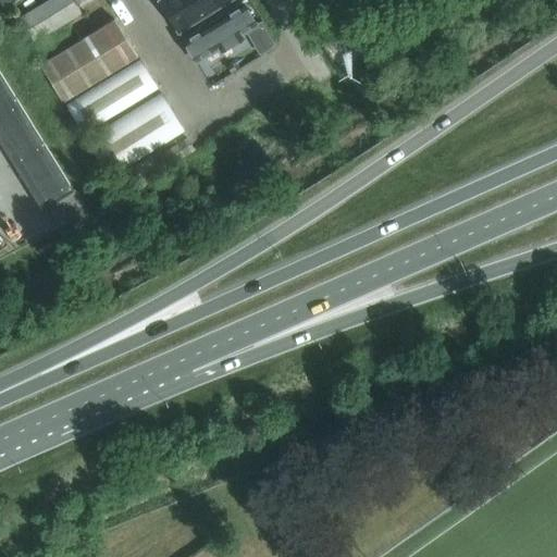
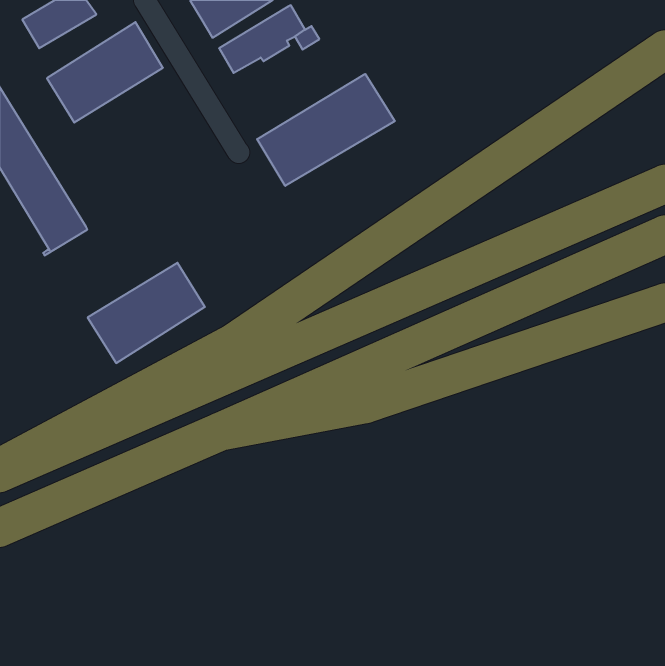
building: [64,59,157,133] -> none
building: none -> [257,74,395,186]
building: [85,92,183,176] -> [88,263,205,363]

